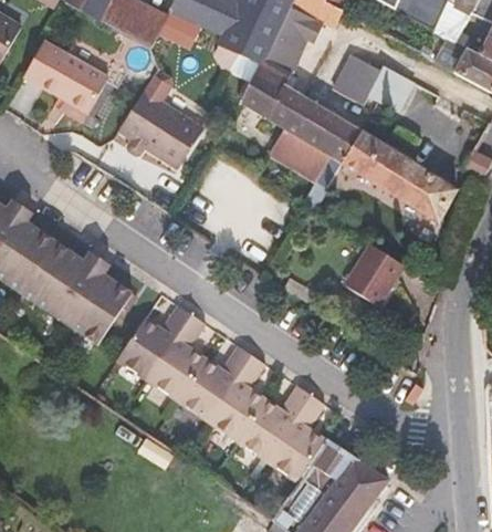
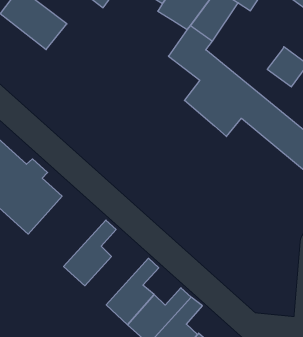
building: [333,55,380,104] -> none
building: [118,90,203,168] -> none
building: [345,242,405,305] -> none
building: [117,304,191,379] -> none
building: [177,345,251,419] -> none

